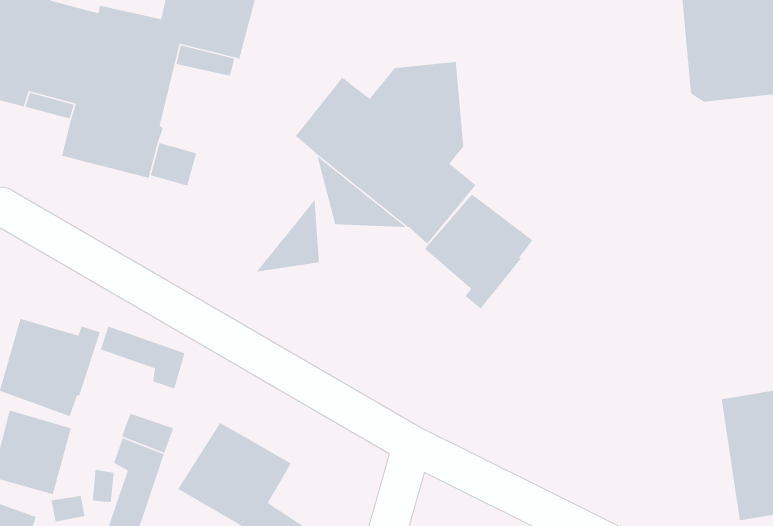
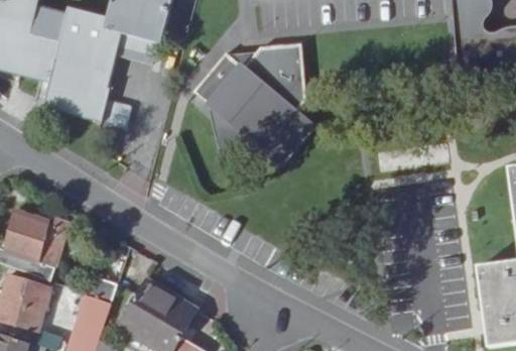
building: [424,193,533,310] -> none
building: [255,198,320,272] -> none
building: [100,325,186,390] -> none

